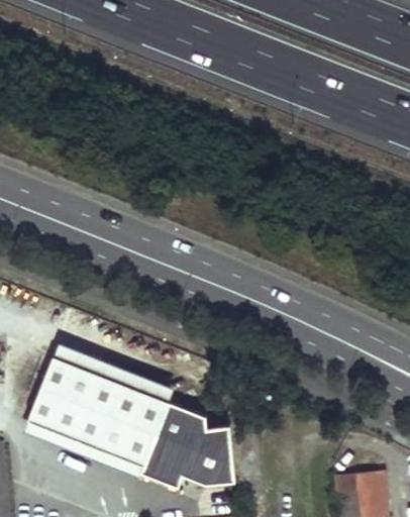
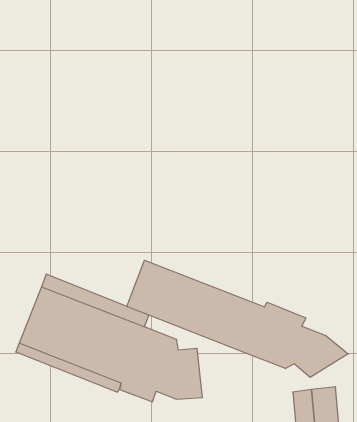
building: none -> [127,260,348,377]

